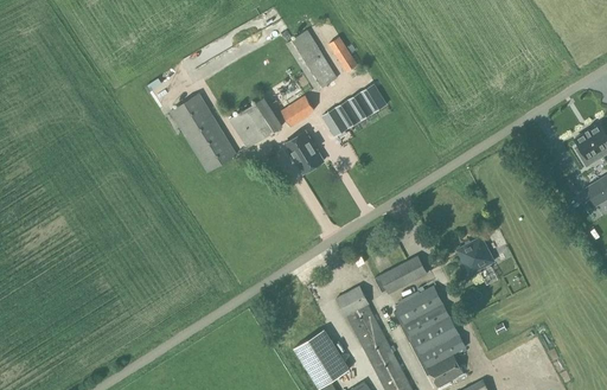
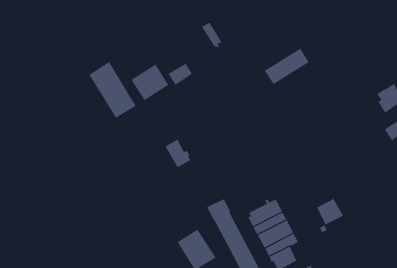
building: [286,30,338,91] -> none
building: [322,84,386,136] -> [264,48,309,85]
building: [286,132,324,173] -> [164,139,191,168]
building: [456,236,496,274] -> [316,198,344,225]
building: [375,255,428,294] -> none

